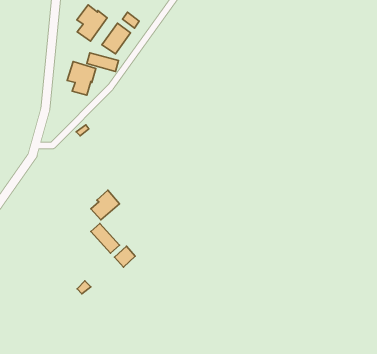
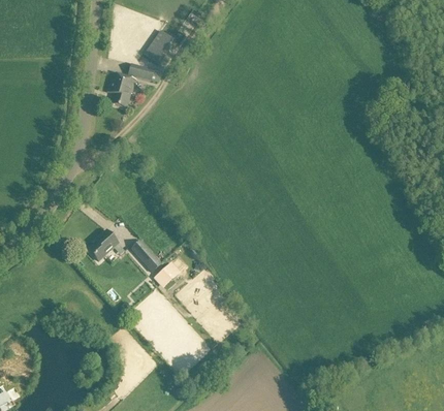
building: [77,5,107,41] -> none
building: [91,190,120,220] -> [89,230,119,261]

